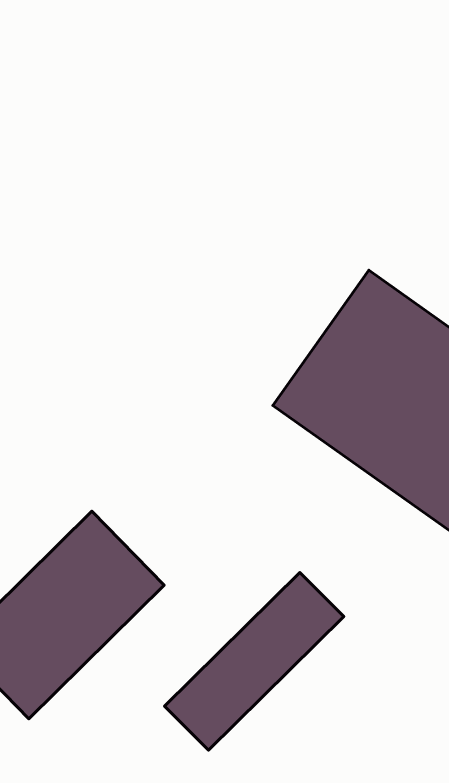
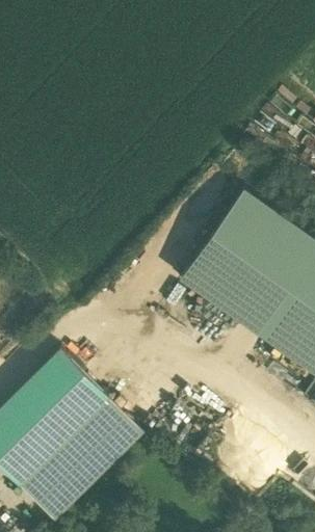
building: [164,572,344,750] -> [21,399,139,516]

